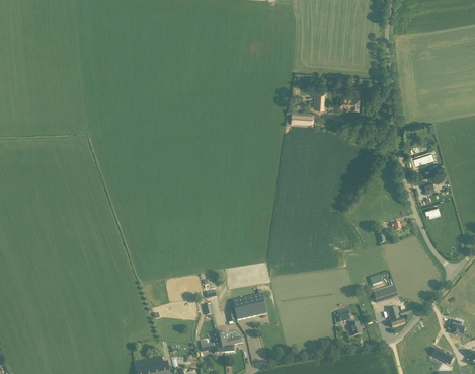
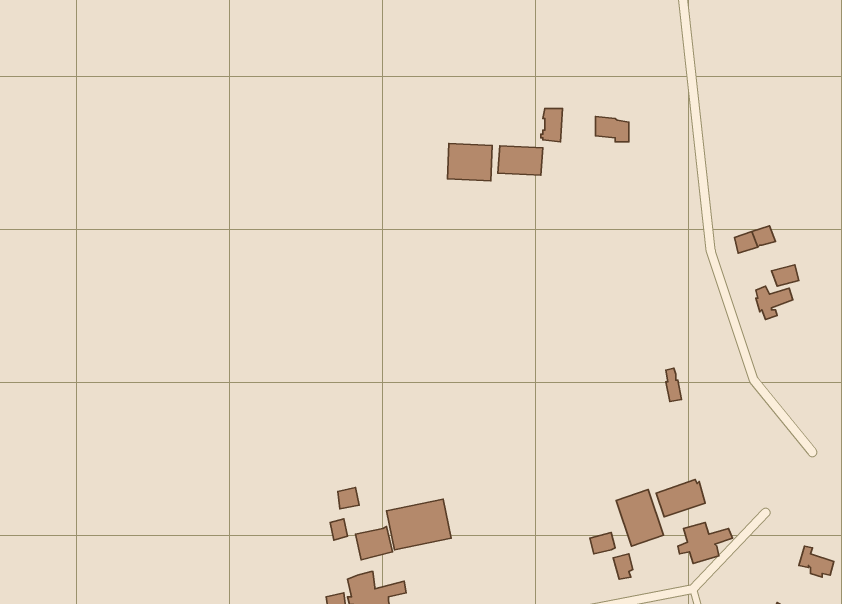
building: none -> [448,144,492,181]
building: none -> [616,490,663,546]

